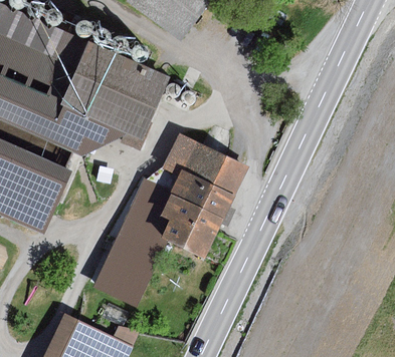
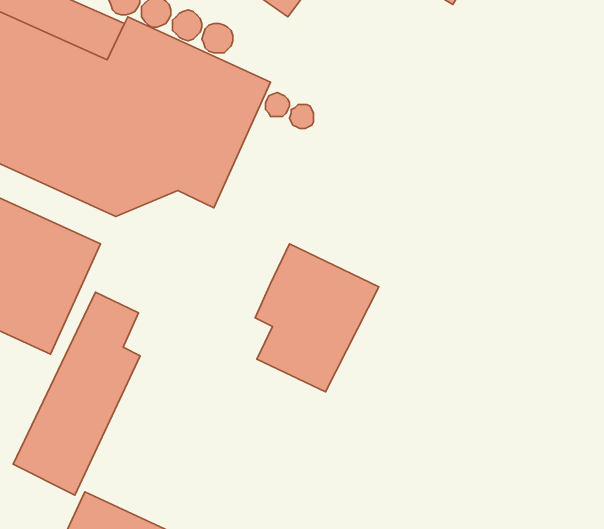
building: [164,132,247,196] -> none
building: [96,182,171,300] -> [13,292,140,495]

